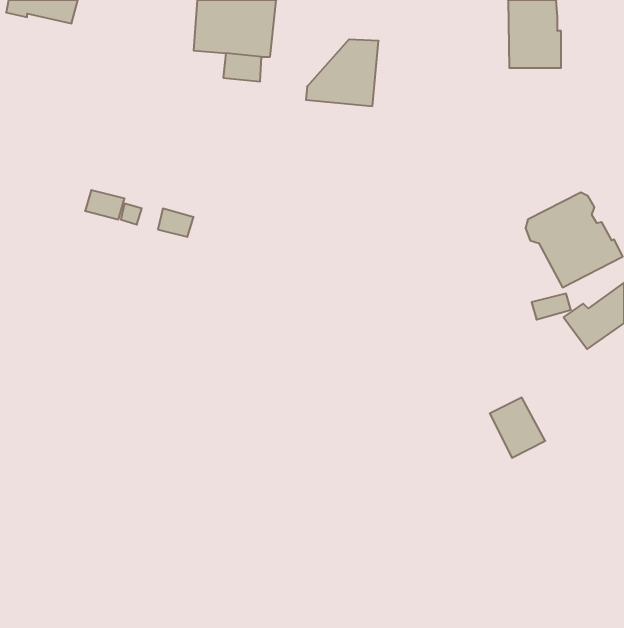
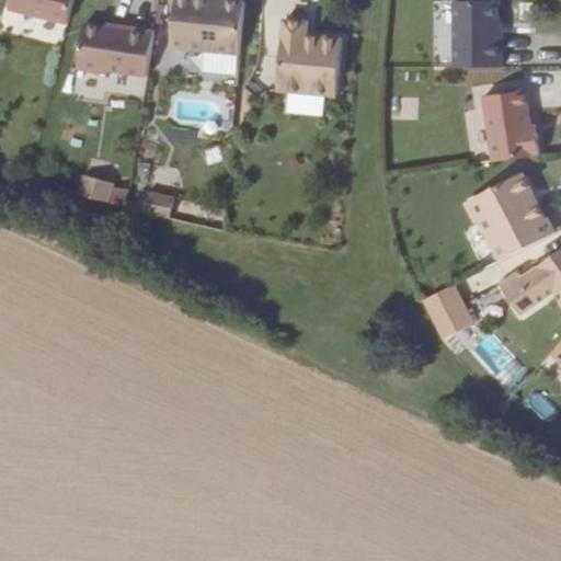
building: none -> [273,20,310,79]
building: none -> [75,24,151,76]
building: none -> [482,87,538,157]
building: [490,397,545,458] -> [426,280,476,334]

